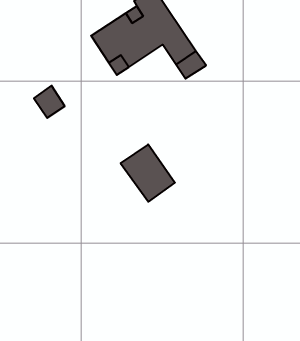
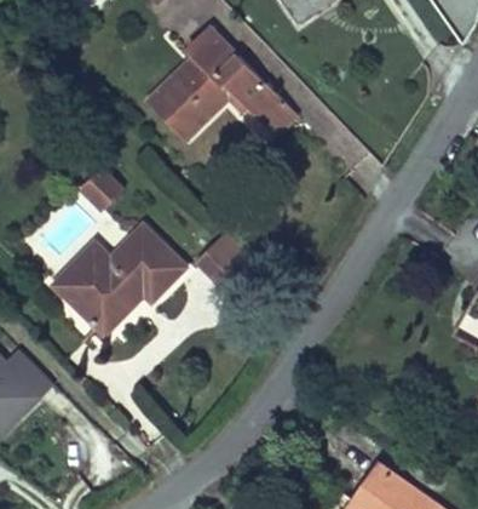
building: none -> [71,227,186,333]

